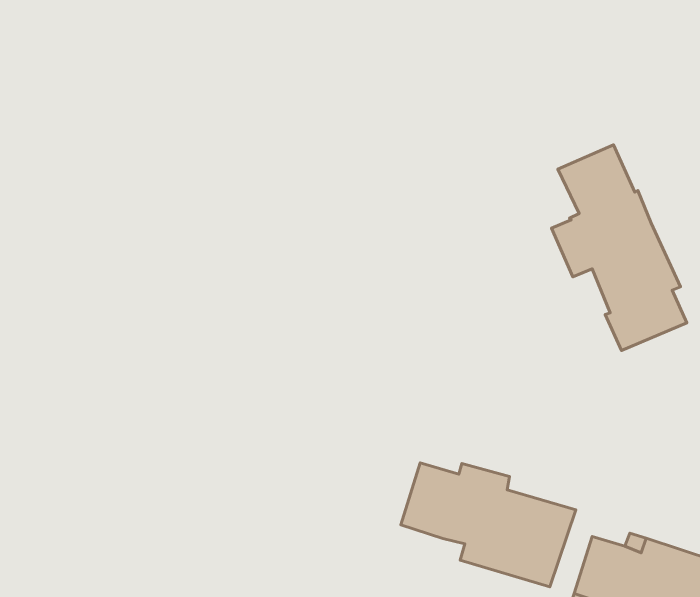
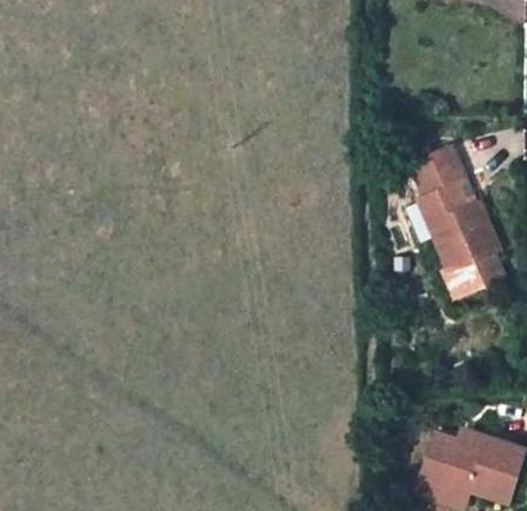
building: [401,463,576,587] -> none

